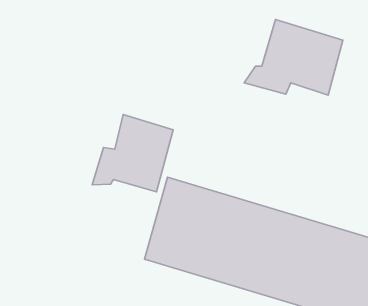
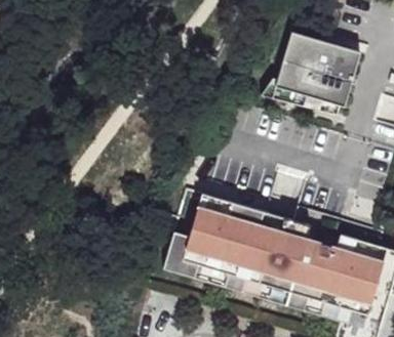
building: [92,114,173,192] -> none

